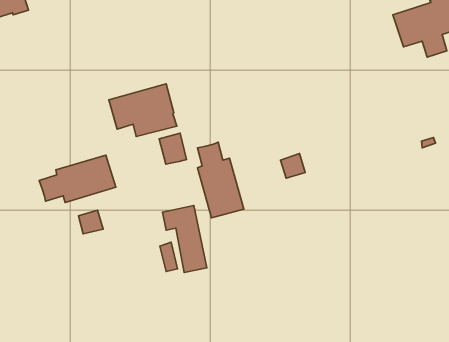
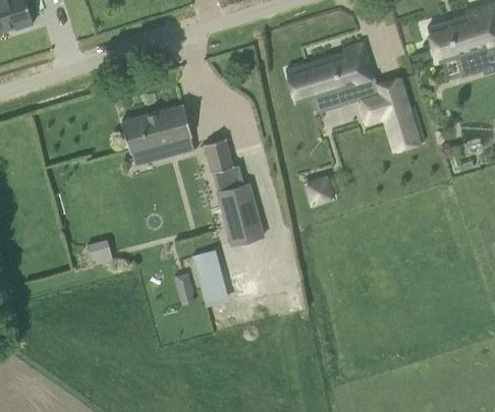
building: none -> [286,44,374,111]
building: none -> [358,78,425,152]
building: [159,133,187,164] -> [204,139,233,173]
building: [39,155,116,202] -> none

